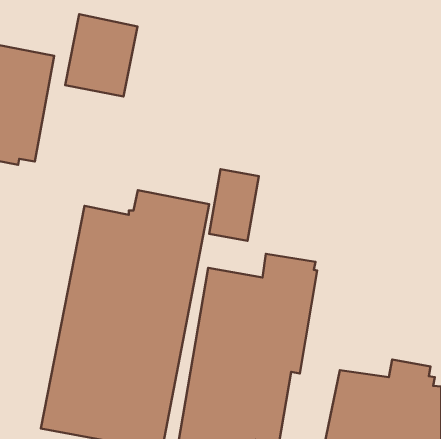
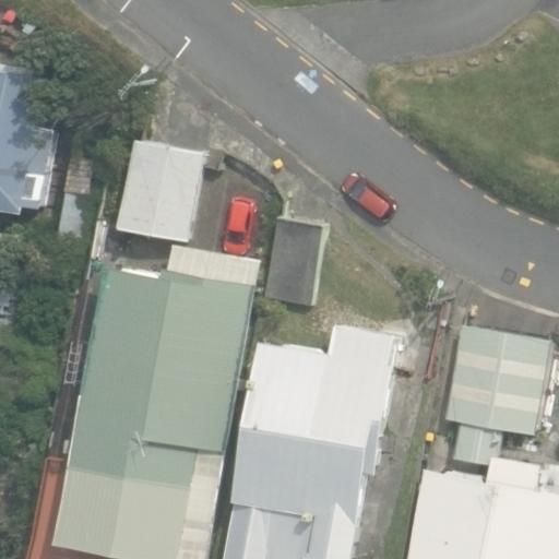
building: [65,14,137,96] -> [115,141,205,243]
building: none -> [436,319,545,462]

